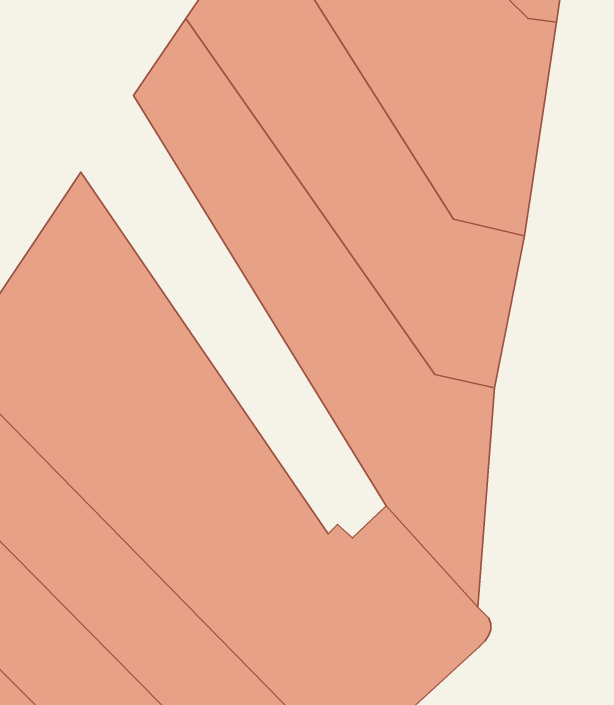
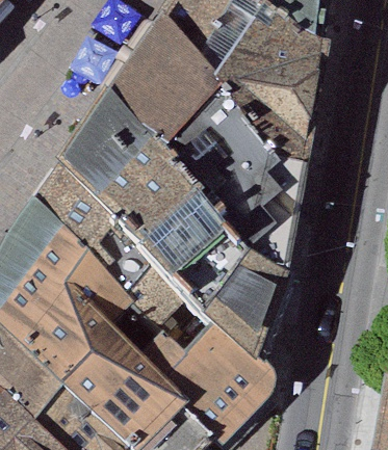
building: none -> [59,84,229,327]

